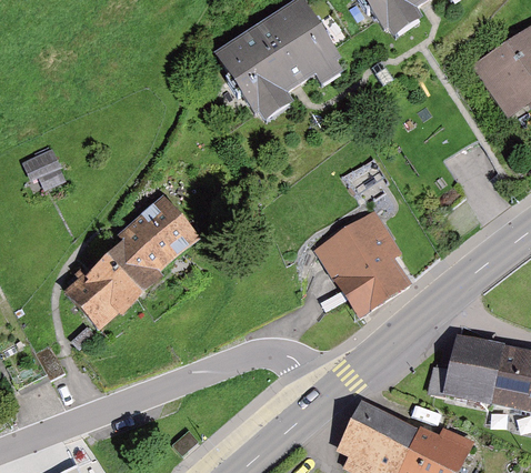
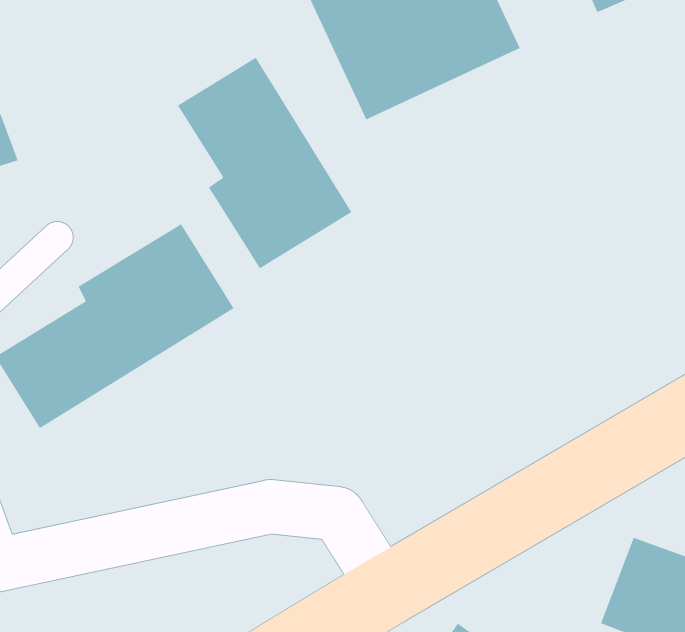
building: none -> [177,57,352,269]
building: [318,212,408,314] -> none

